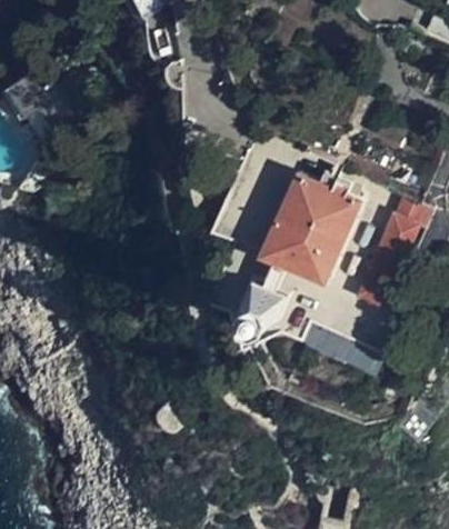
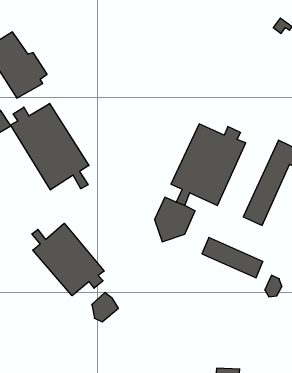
building: none -> [10,103,89,190]
building: none -> [32,223,104,296]

